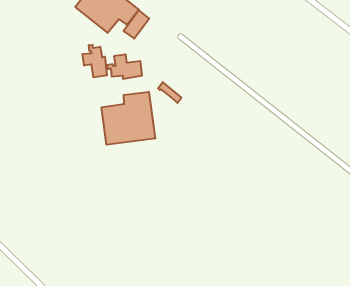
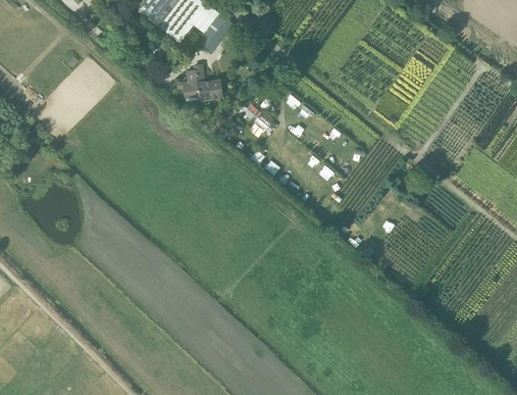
building: [83,45,107,77] -> none
building: [102,92,155,145] -> none

